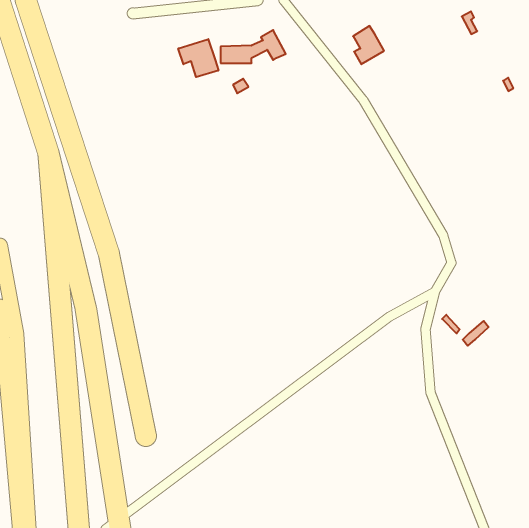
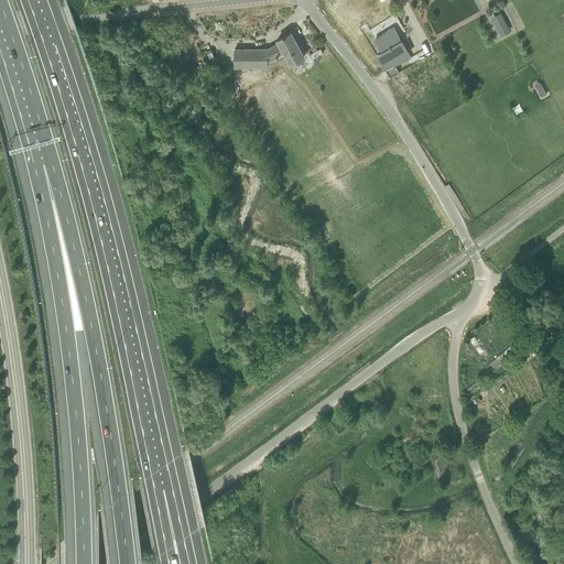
building: [178,39,218,77] -> none

